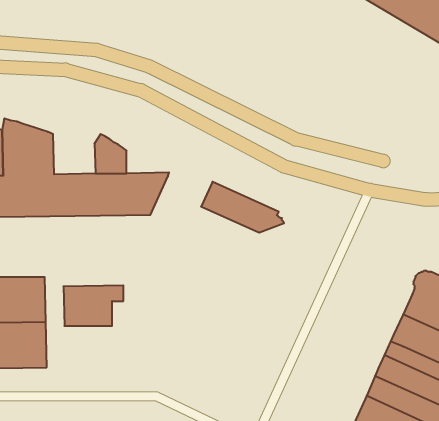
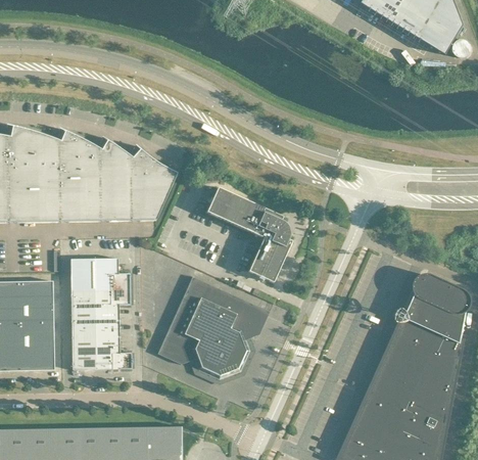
building: none -> [59,130,101,180]
building: none -> [132,148,177,179]
building: none -> [247,228,291,282]
building: none -> [69,259,129,290]
building: none -> [156,276,269,380]
building: none -> [70,329,130,370]

